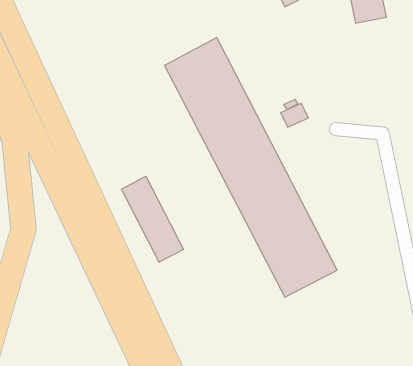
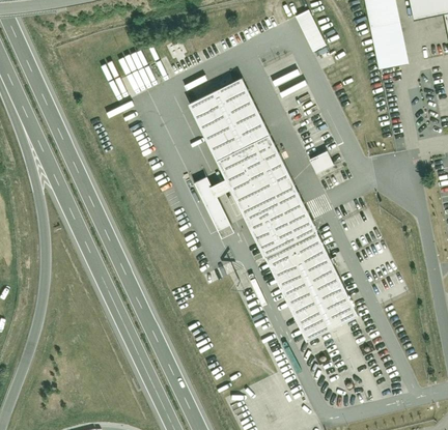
building: [121,176,184,262] -> none

